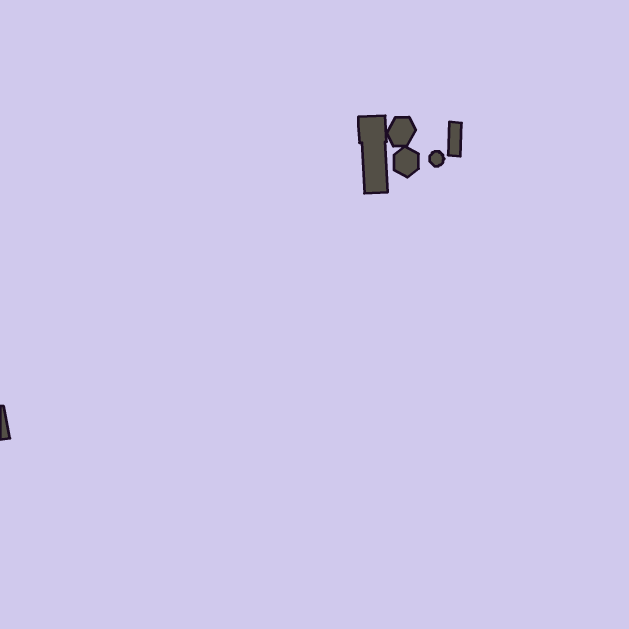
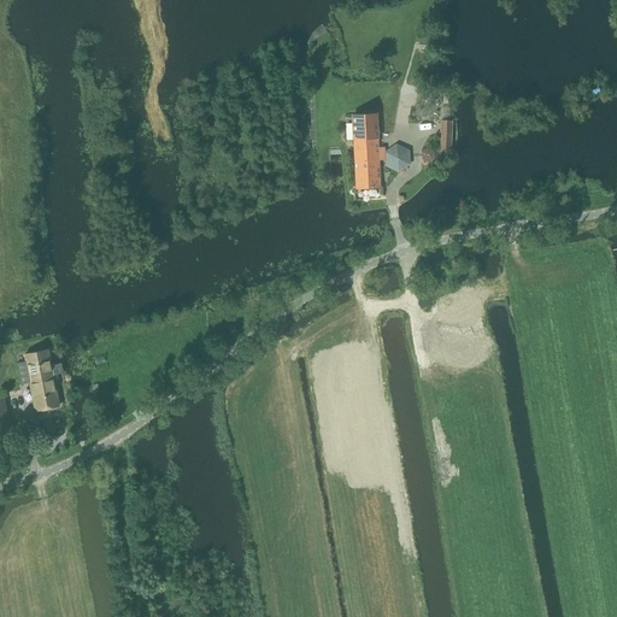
building: [387,117,416,146] -> none
building: none -> [17,348,63,411]

